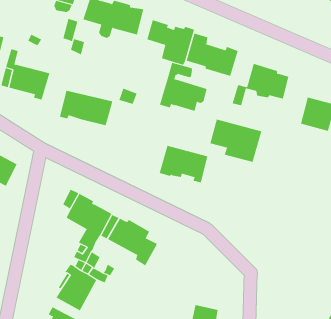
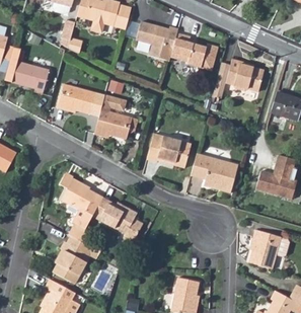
building: [159,62,208,111] -> [92,94,136,139]
building: [209,119,262,163] -> [189,152,236,191]
building: none -> [253,153,294,198]
building: none -> [249,227,290,266]

